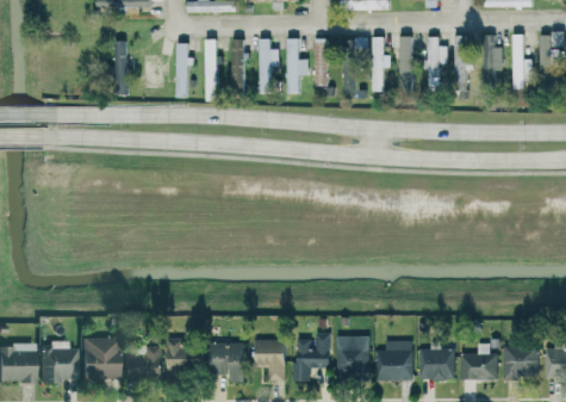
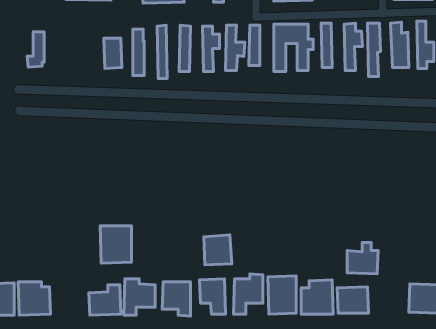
building: [107,41,127,82] -> [27,32,44,67]
building: none -> [204,235,232,265]
building: [82,338,119,382] -> [100,226,131,263]
building: [461,344,498,381] -> [347,243,378,274]

